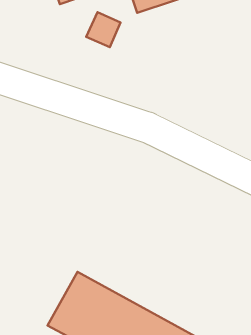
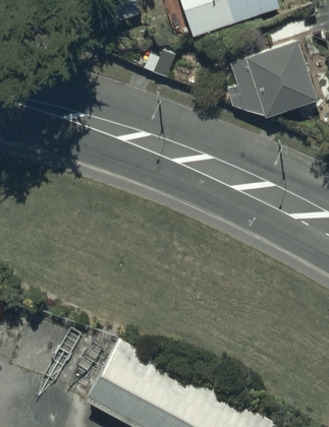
building: none -> [226,41,316,119]

